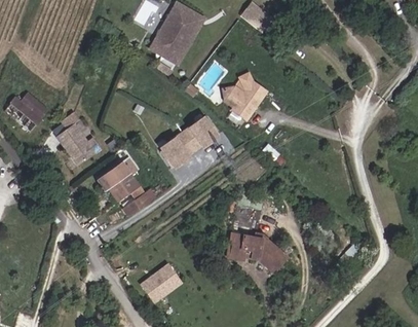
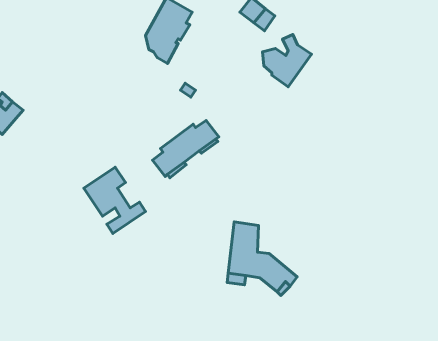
building: [225,72,268,118] -> [263,34,312,87]
building: [59,110,103,159] -> none
building: [141,262,185,304] -> none

